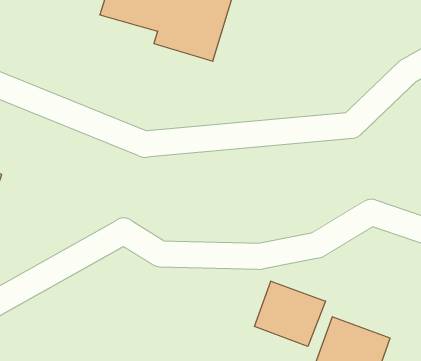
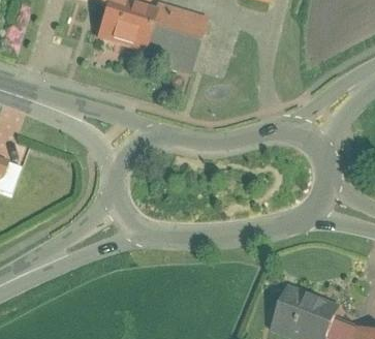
building: [255,281,326,346] -> none

